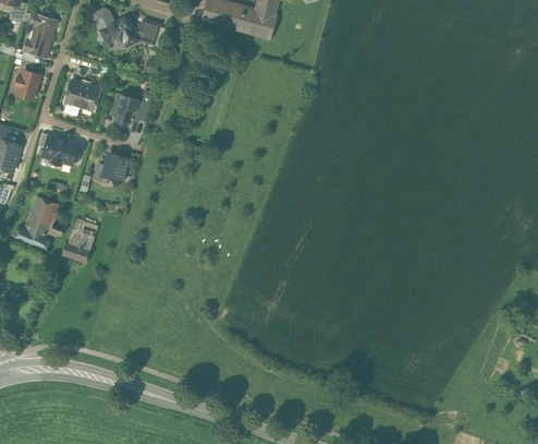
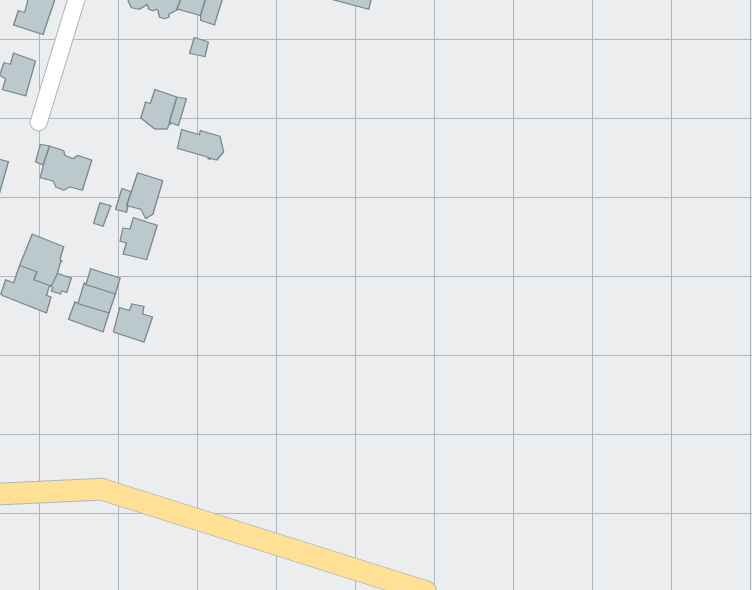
building: [63,80,99,110] -> none
building: none -> [178,130,224,160]
building: none -> [120,218,157,260]
building: none -> [113,304,152,342]

